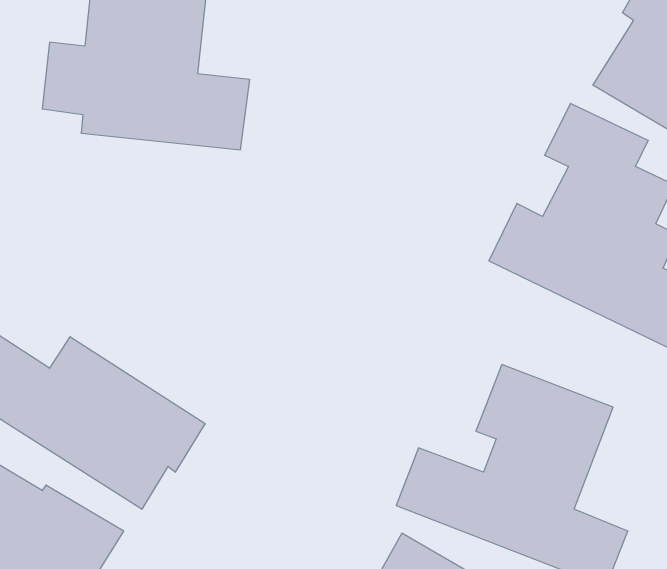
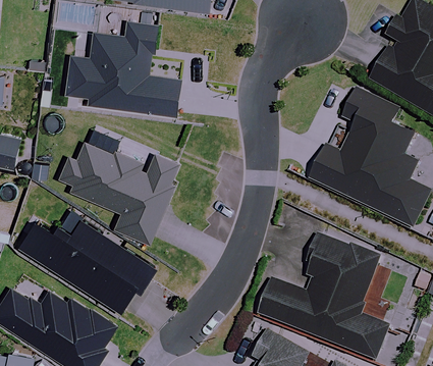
building: none -> [61,138,180,238]

